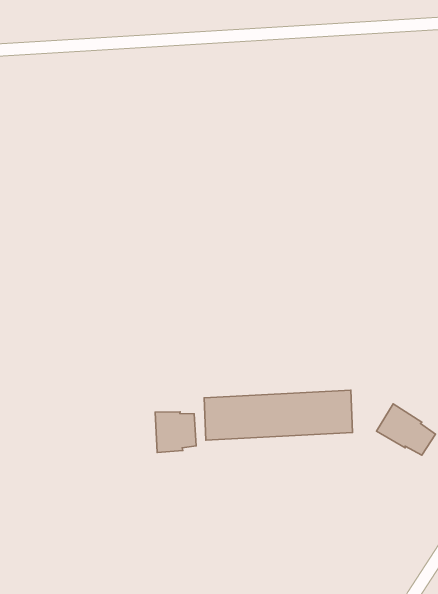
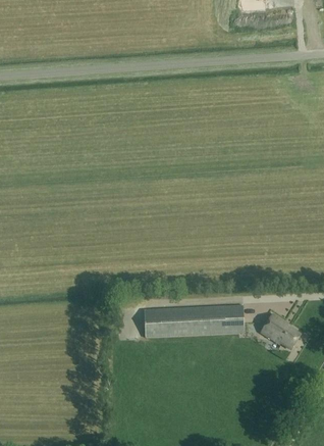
building: [155,412,196,452] -> none

